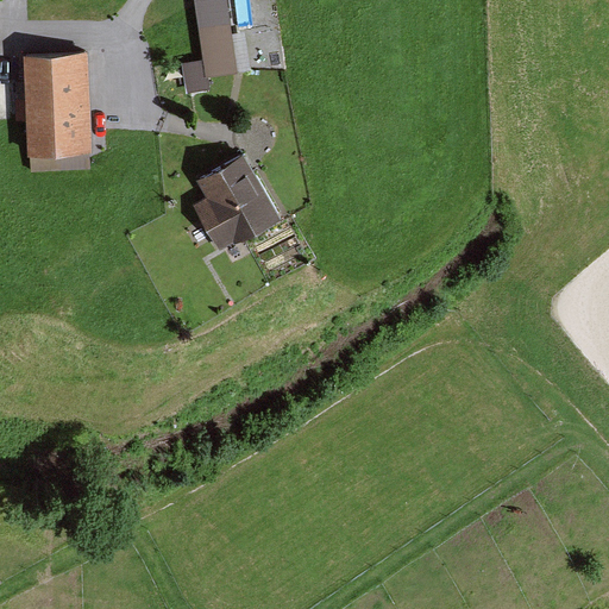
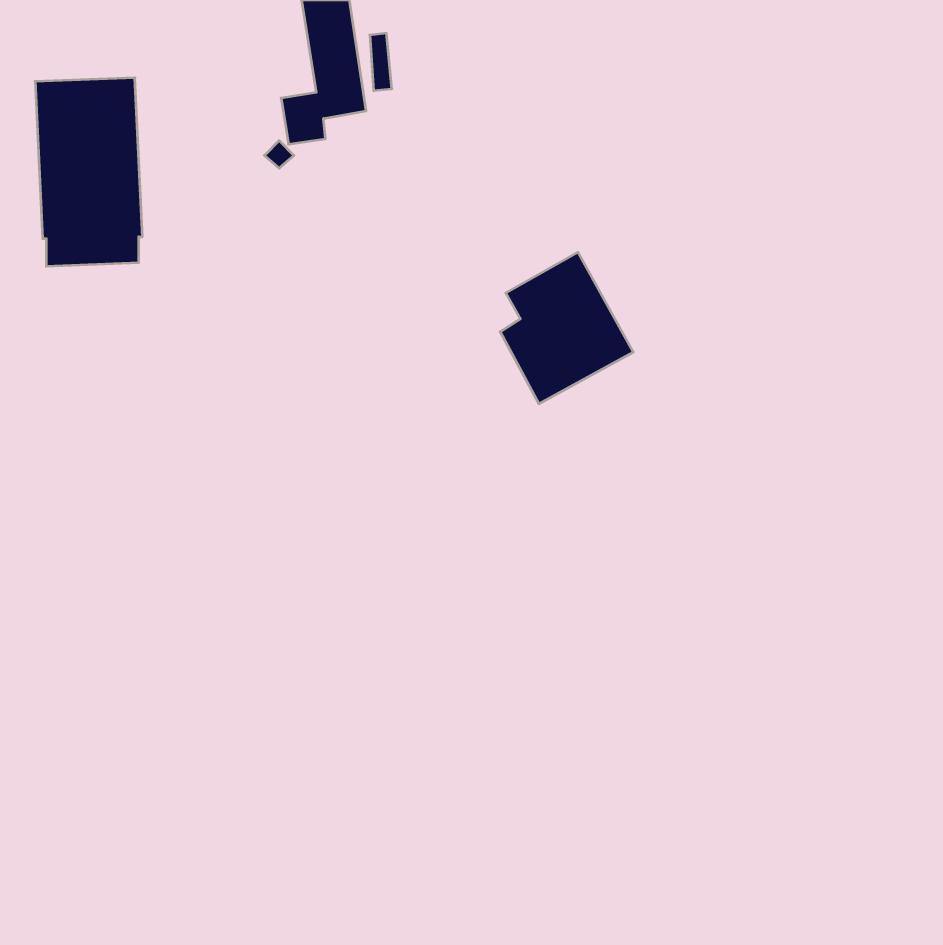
building: [193,153,278,251] -> [500,252,633,404]

